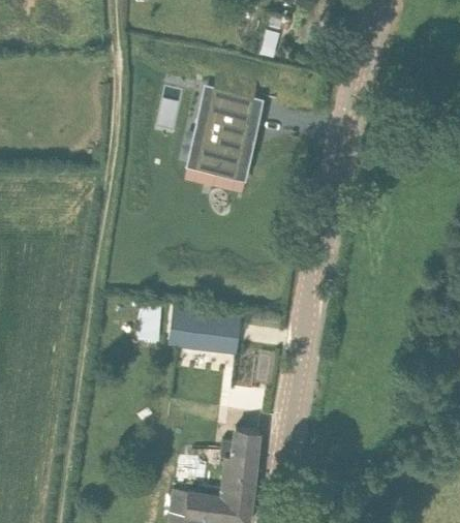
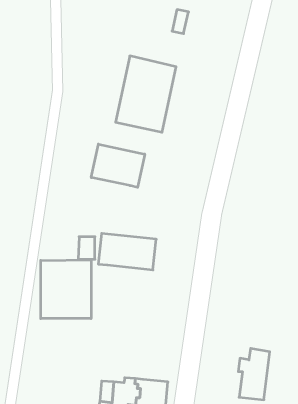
building: none -> [91,144,145,187]
building: none -> [41,260,91,319]
building: [221,430,260,494] -> [238,348,270,400]

